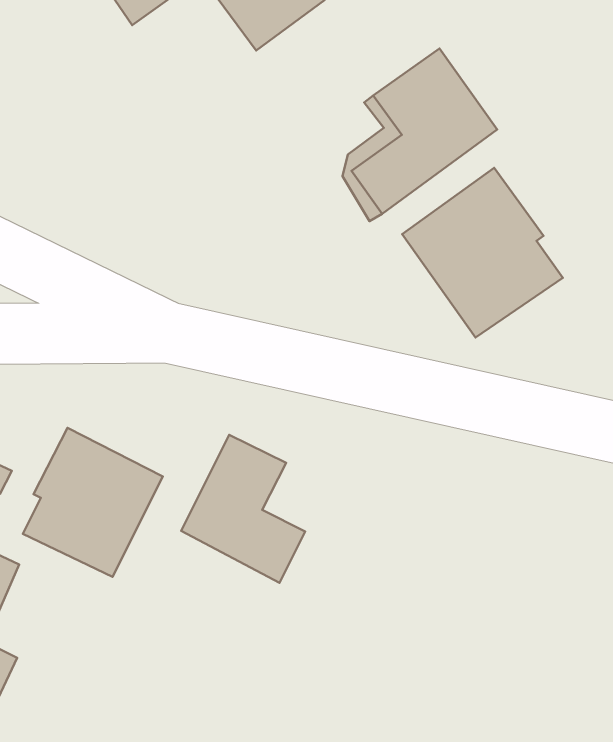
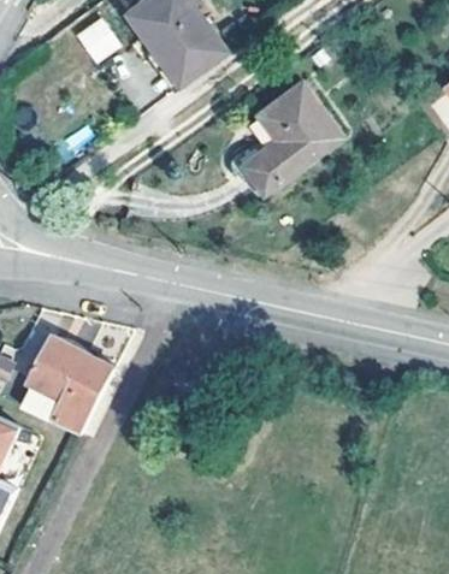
building: [402,168,563,337] -> none
building: [181,435,305,583] -> none

